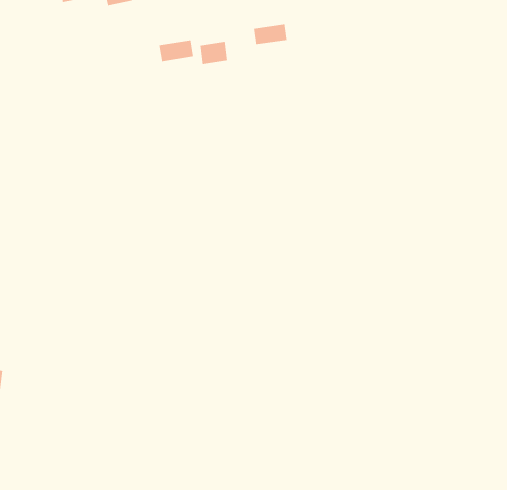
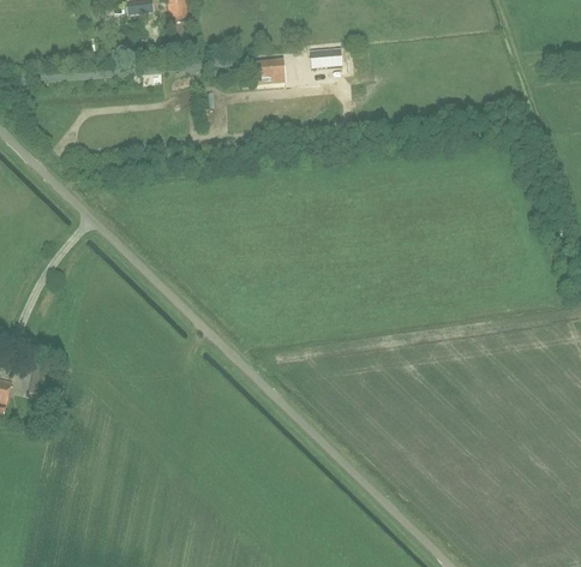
building: [159,40,194,62] -> none

